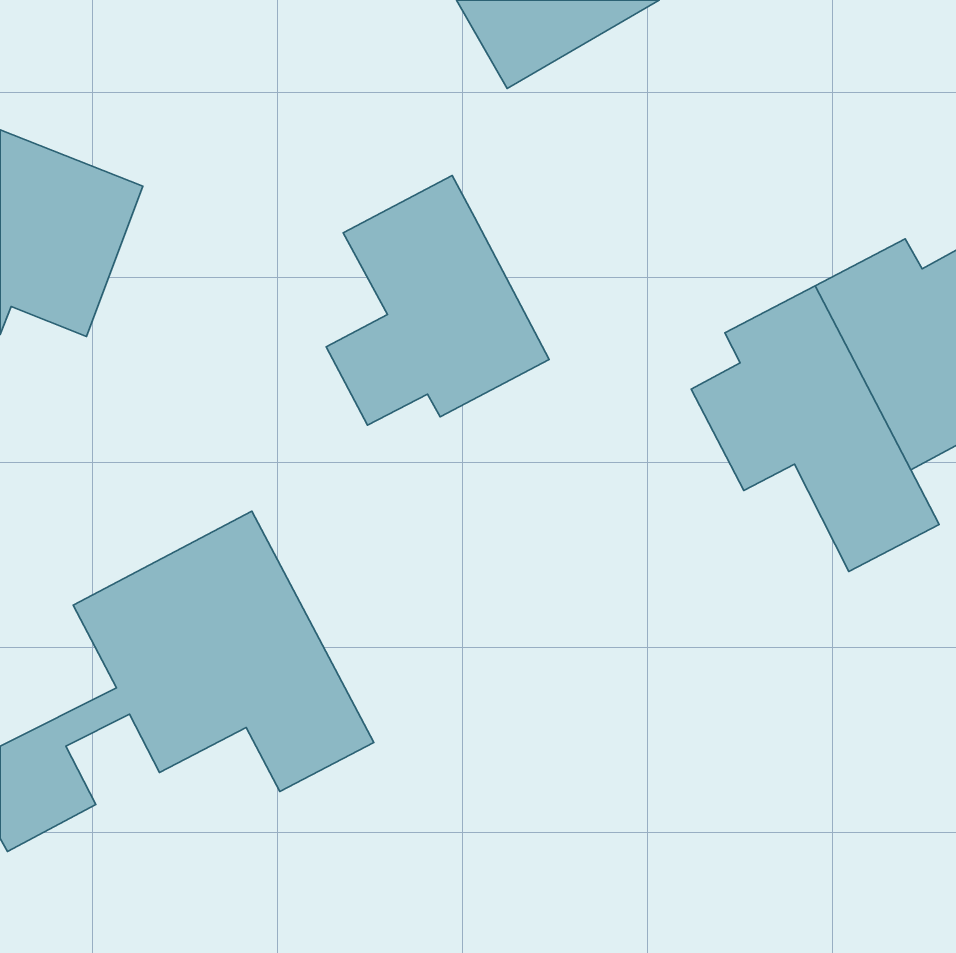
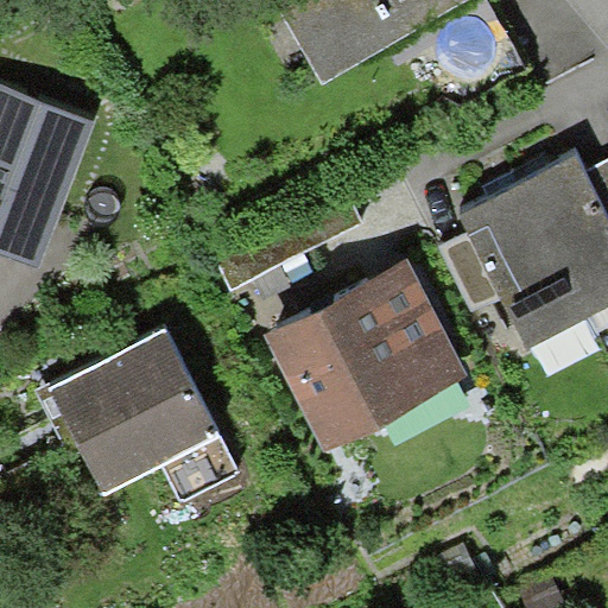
building: [326,175,549,425] -> none
building: none -> [277,268,457,437]

